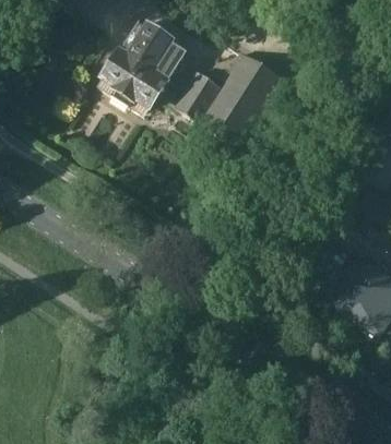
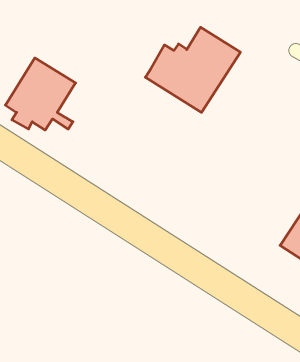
building: [100,20,183,105] -> [5,58,76,130]

